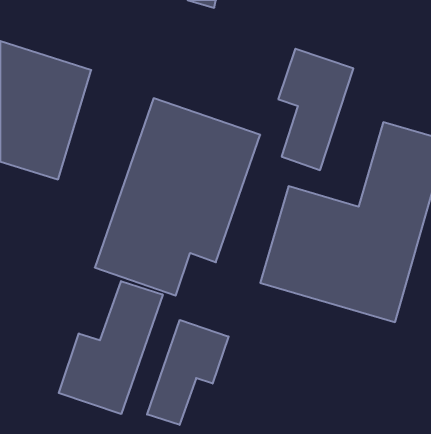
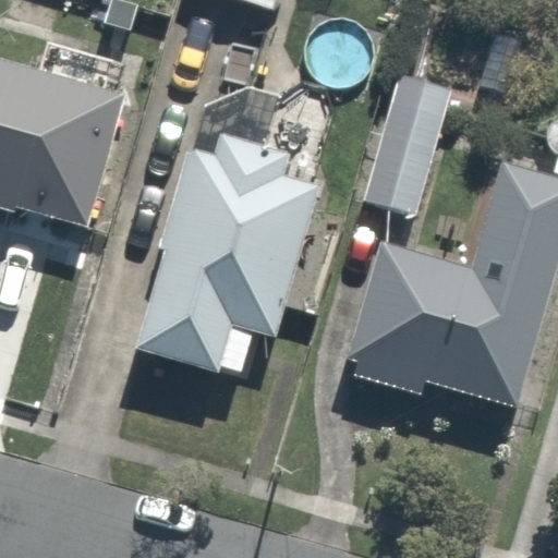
building: [59,281,163,414] -> none
building: [147,320,229,425] -> none

